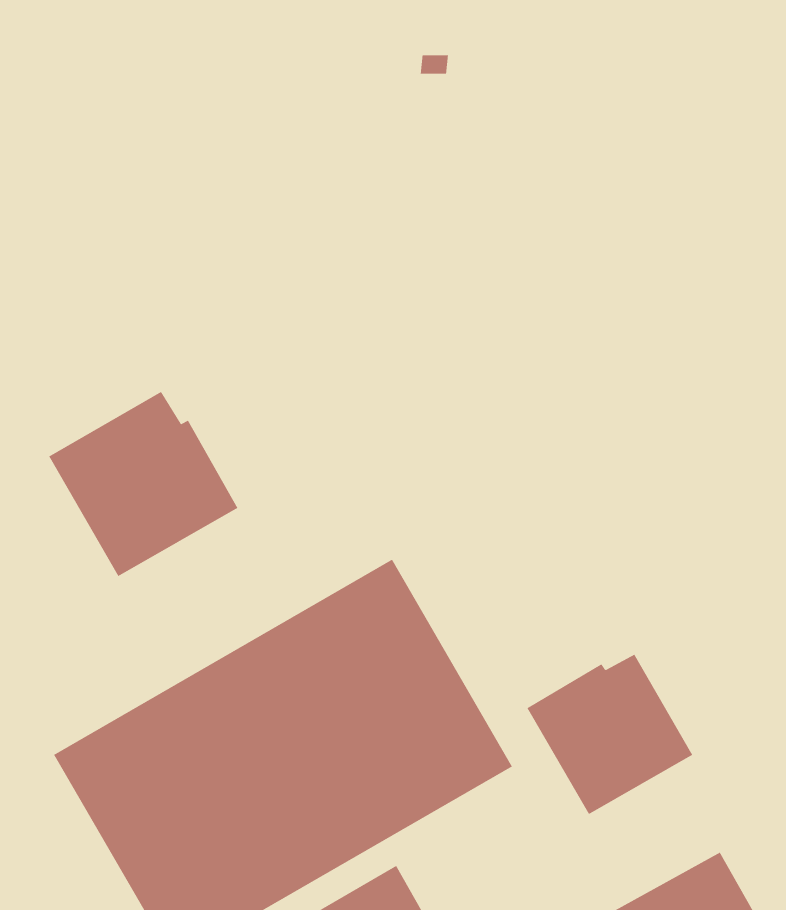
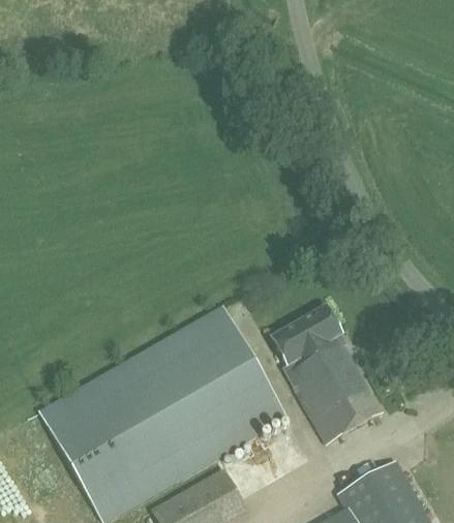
building: [48,391,238,577] -> none
building: none -> [270,305,351,386]

